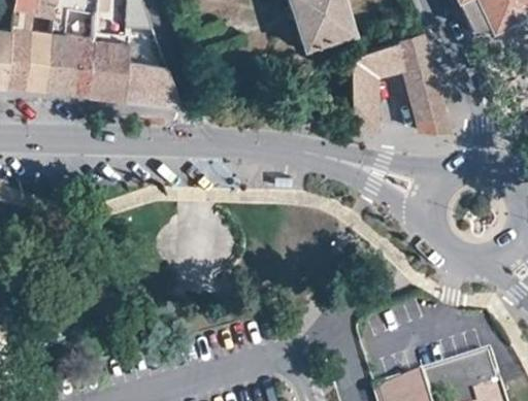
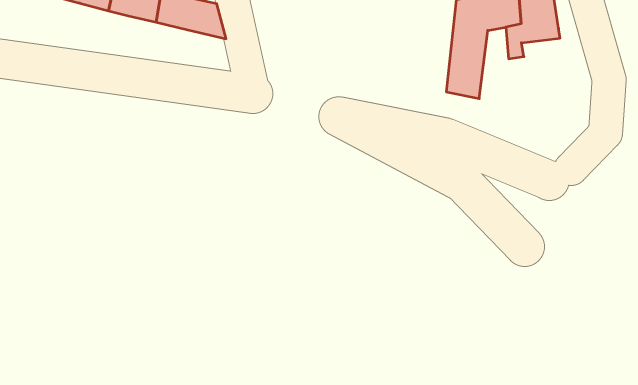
building: [406,73,452,131] -> none

